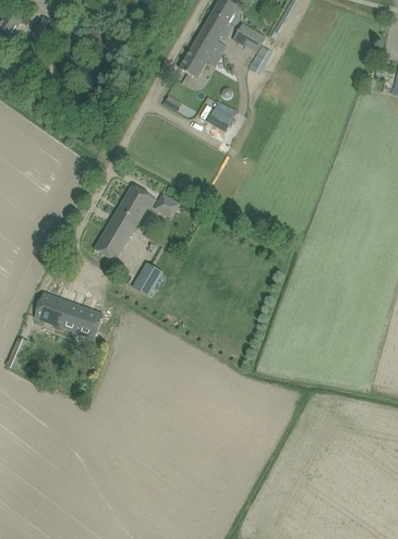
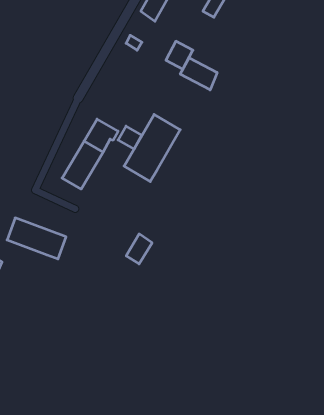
building: none -> [180,58,217,90]
building: none -> [124,114,180,182]
building: [133,261,161,294] -> [126,234,152,264]

